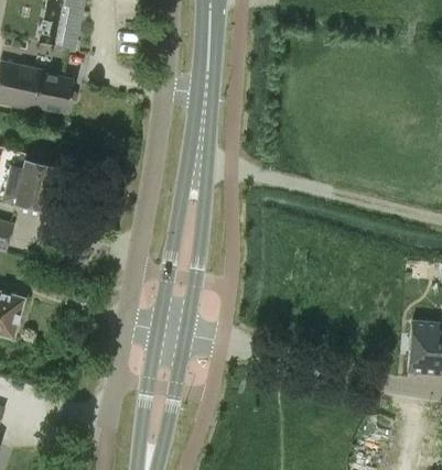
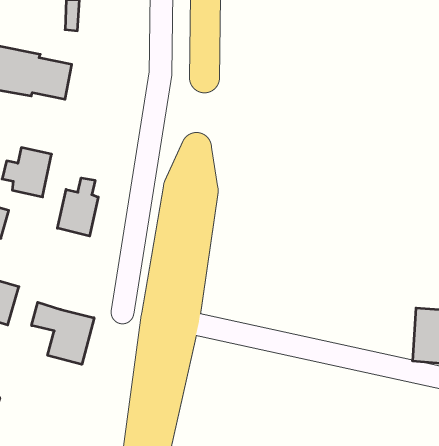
building: none -> [57,178,98,236]
building: none -> [32,302,94,364]

